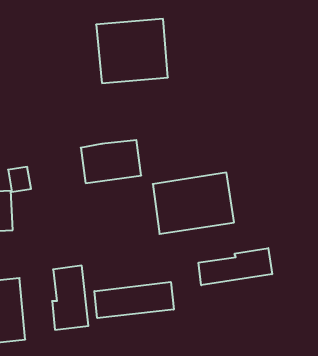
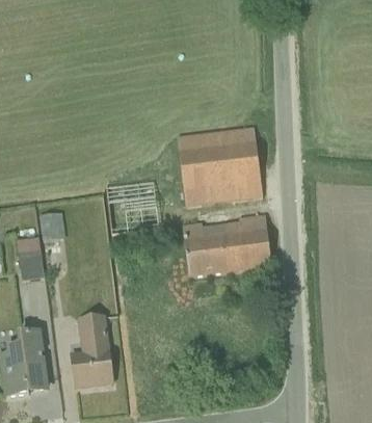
building: [96,19,168,83] -> [183,130,261,200]
building: [199,248,272,285] -> none
building: [94,282,174,318] -> none

